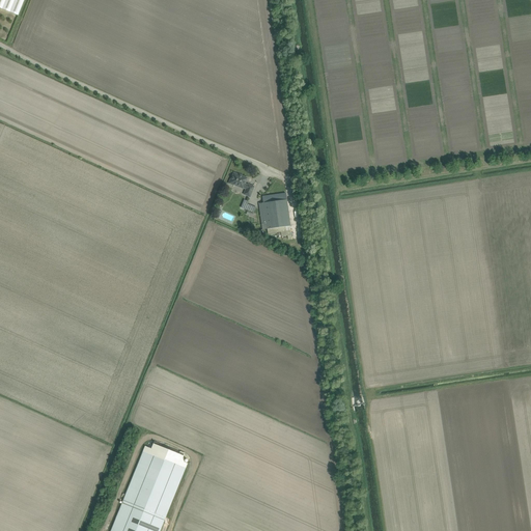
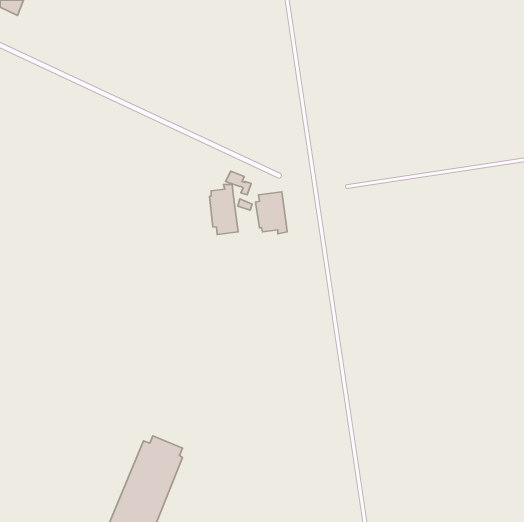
building: none -> [209,184,238,234]

